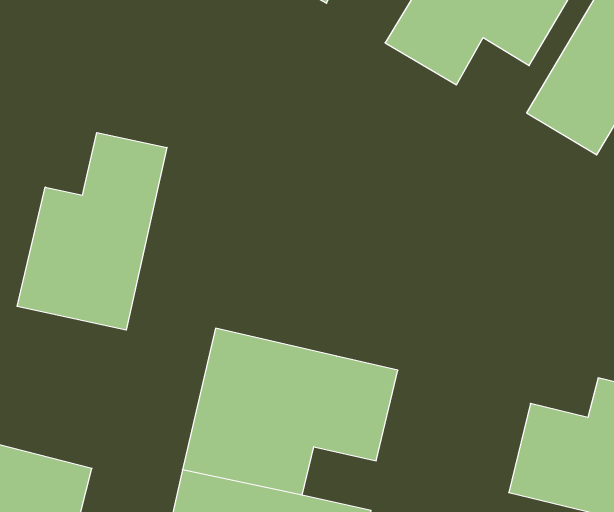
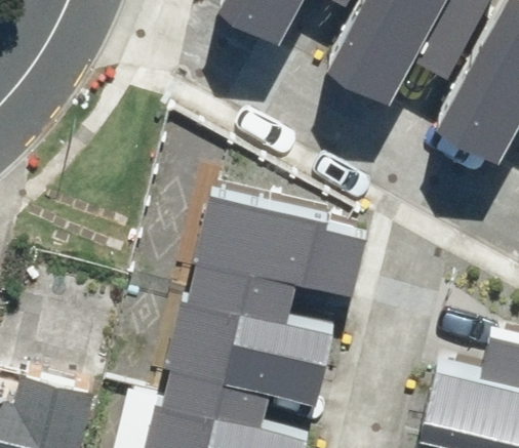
building: [17,133,167,330] -> none
building: none -> [191,185,366,304]

